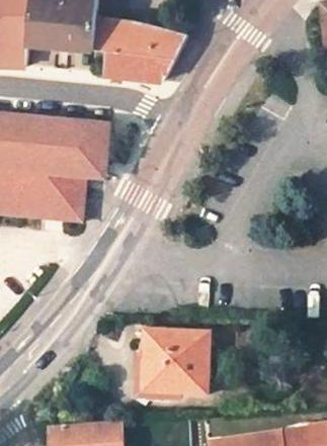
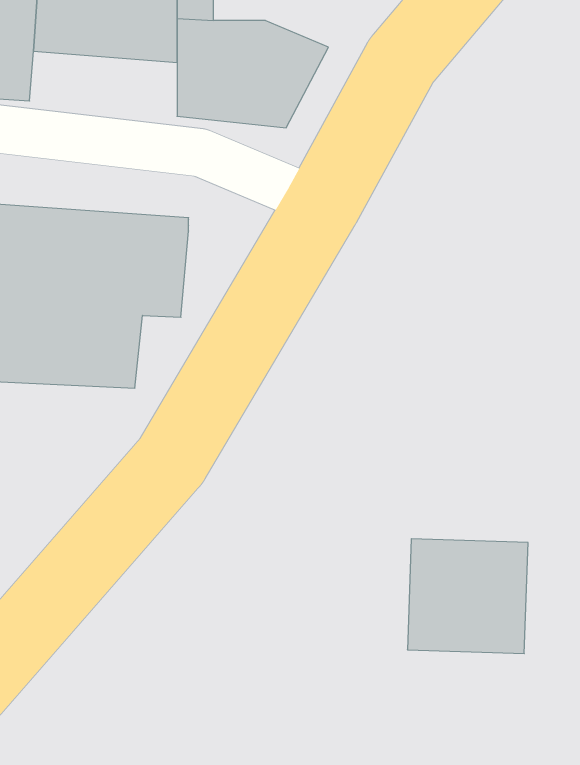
building: [143,333,207,393] -> [407,539,528,654]

